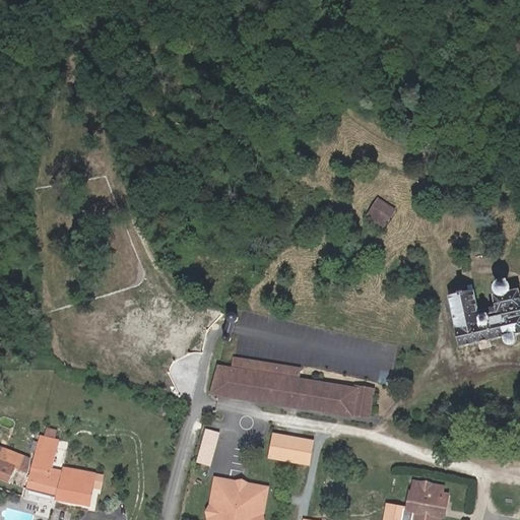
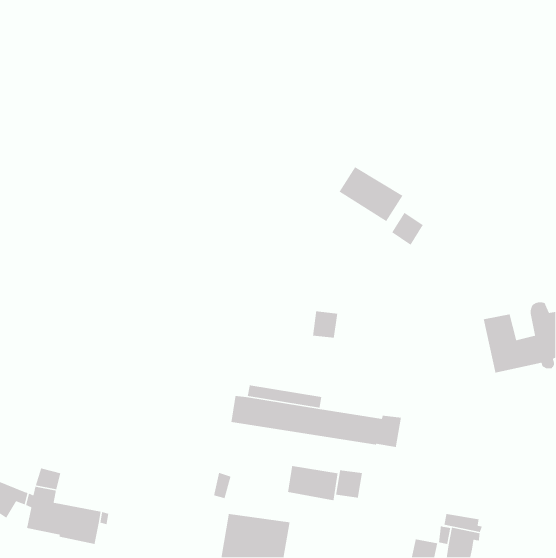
building: none -> [338,166,404,222]
building: none -> [312,311,338,339]
building: none -> [335,469,363,498]

